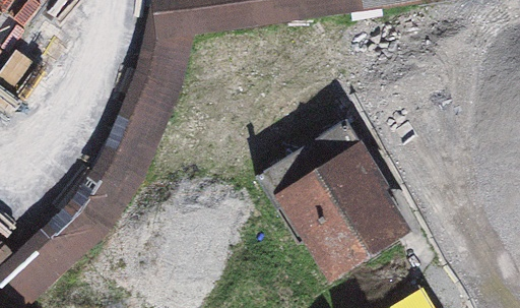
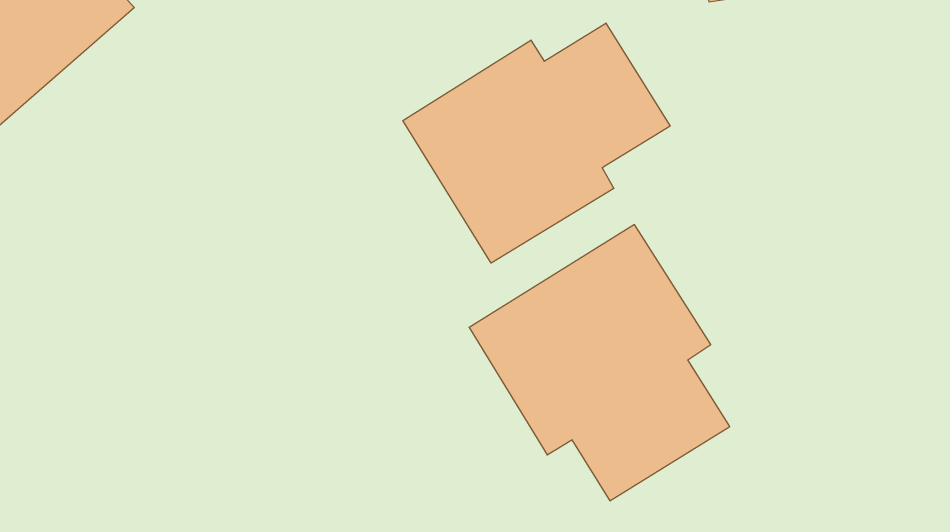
building: none -> [403,23,670,263]

